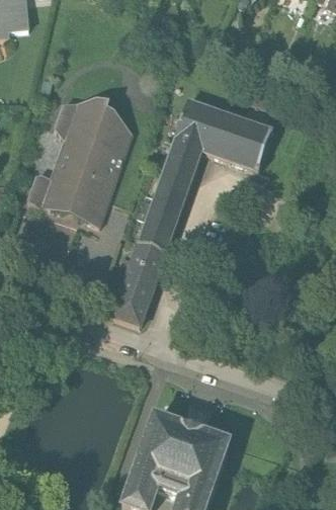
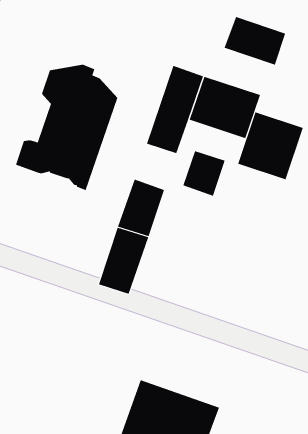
building: none -> [224,16,286,65]
building: none -> [238,112,304,180]
building: [147,177,190,224] -> [183,151,226,197]

